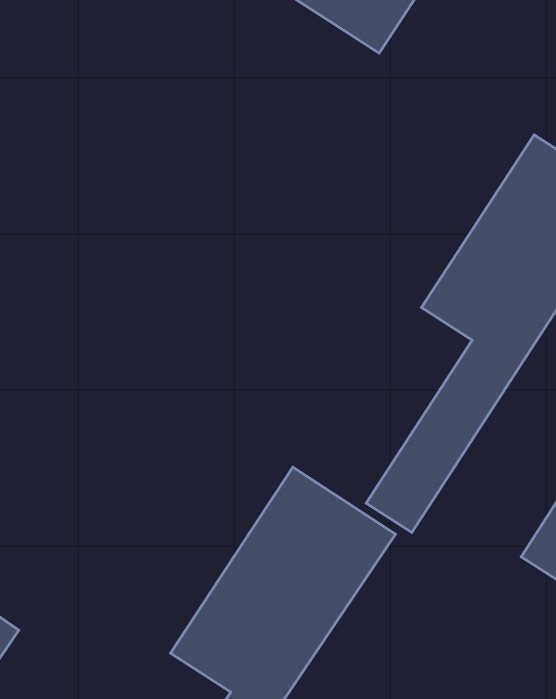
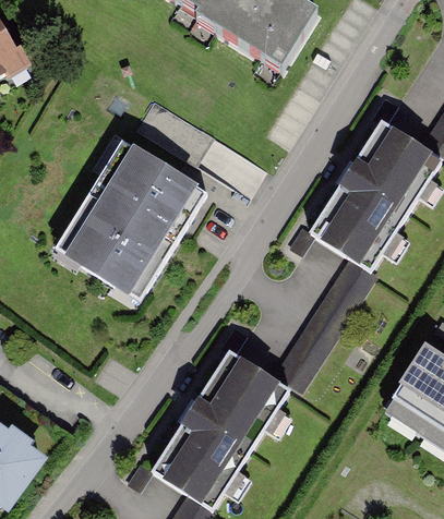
building: none -> [63,135,208,297]

